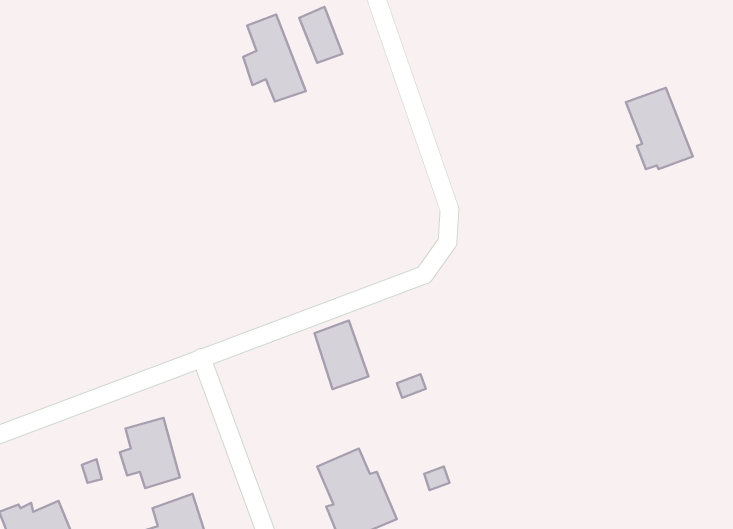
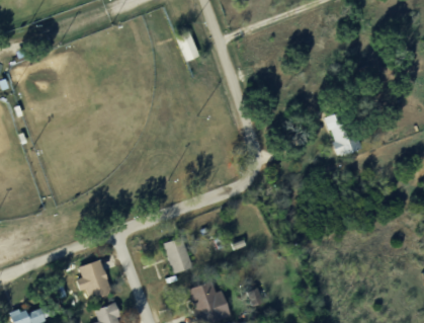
building: [243,14,306,101] -> none
building: [626,88,693,169] -> [325,109,362,155]
building: [314,320,369,389] -> [163,237,193,275]

